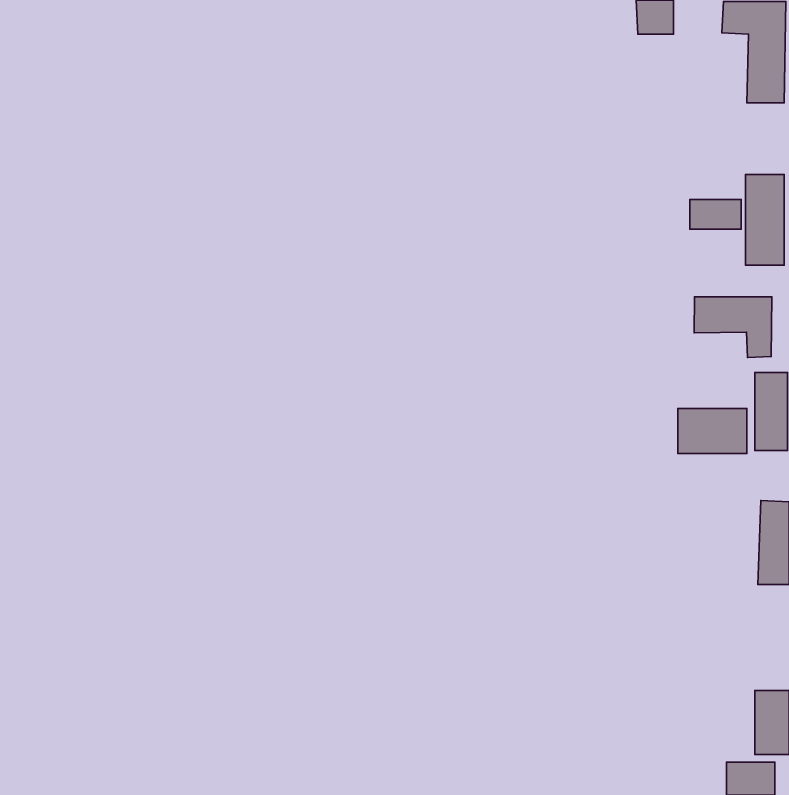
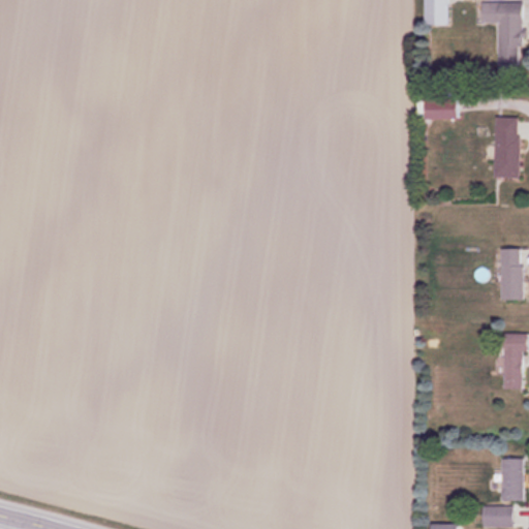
building: [690,200,741,229] -> [426,99,460,119]
building: [694,297,772,358] -> none
building: [678,408,747,453] -> none

